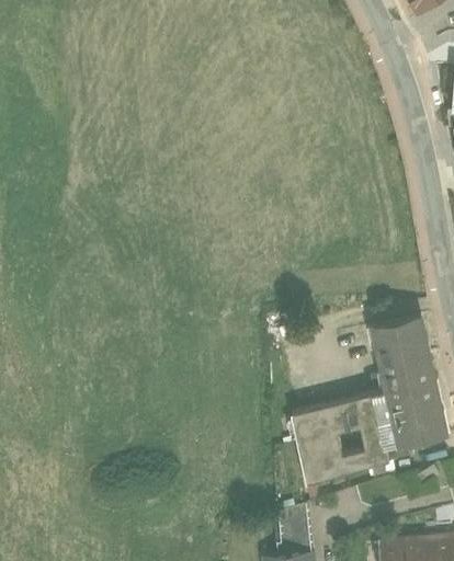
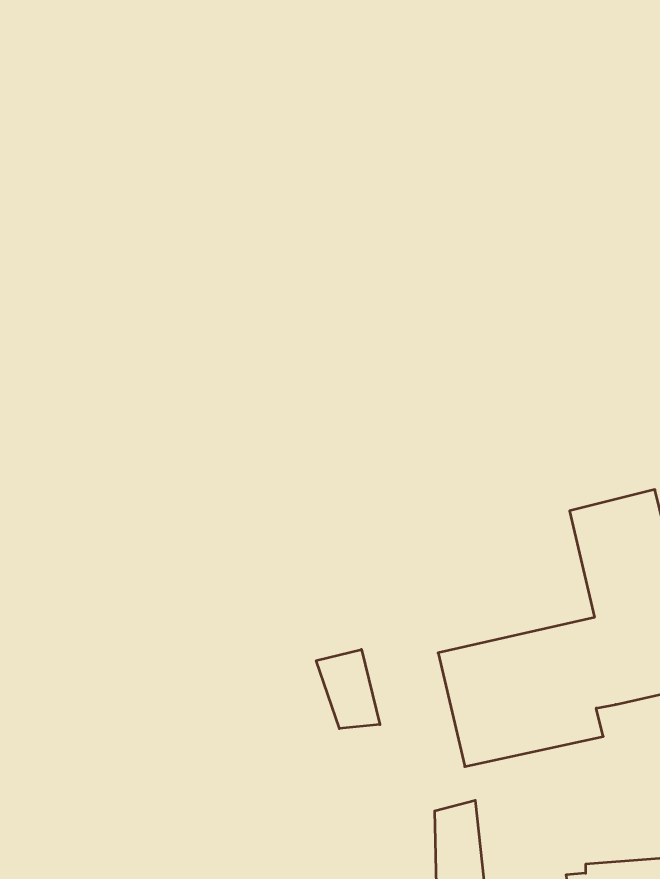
building: none -> [316,649,380,729]

